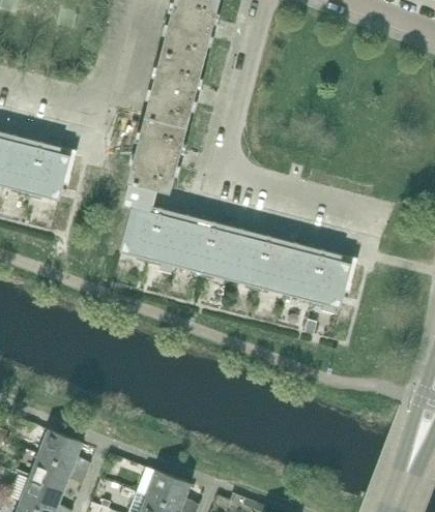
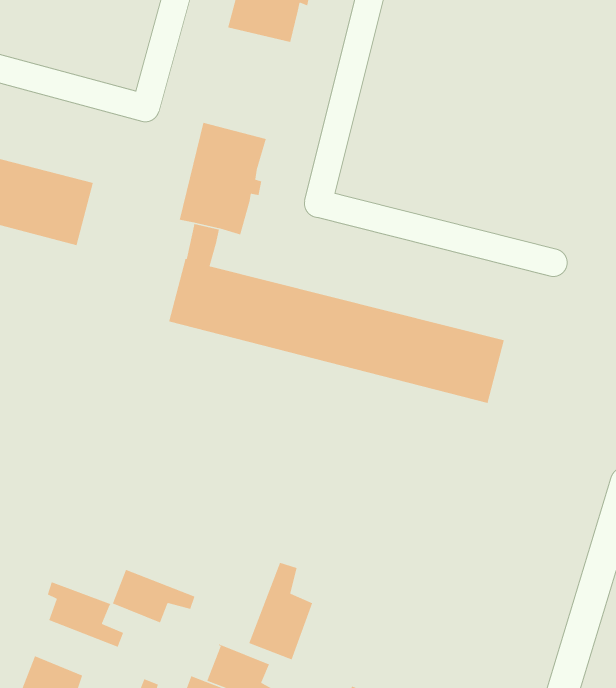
building: [144,49,204,124] -> none
building: none -> [248,562,313,660]
building: [29,453,86,490] -> [112,569,195,623]

